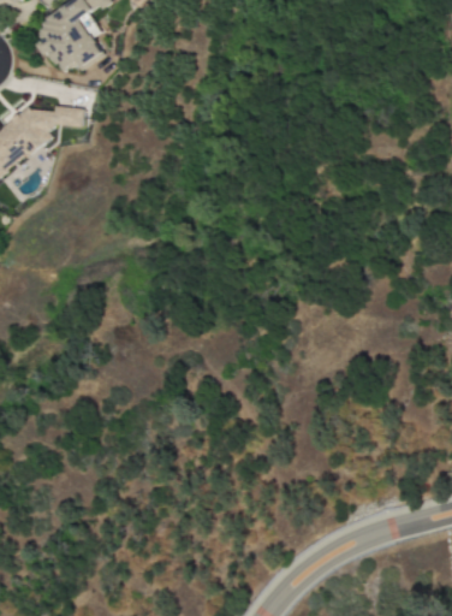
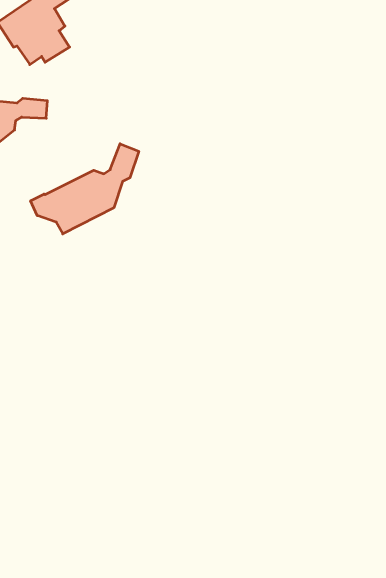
building: none -> [31,144,139,234]

